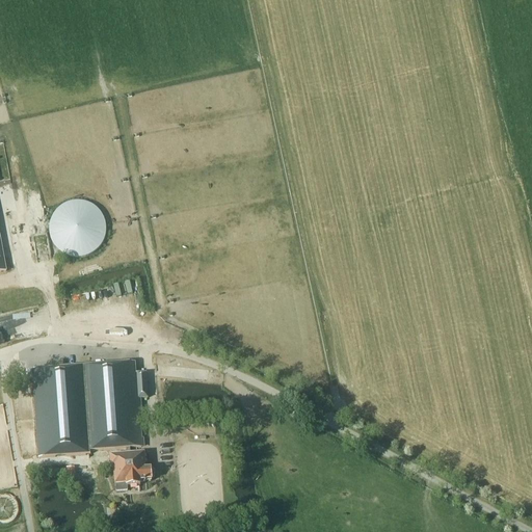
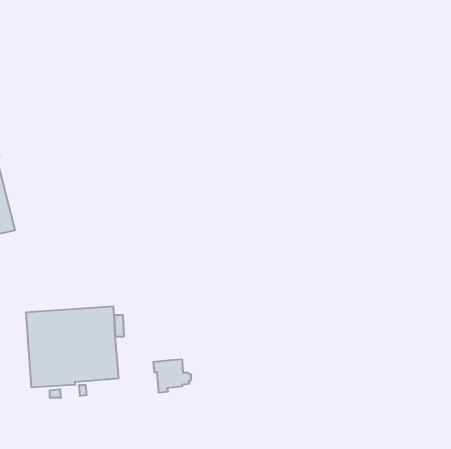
building: [48,197,104,254] -> none
building: [108,450,153,488] -> [153,360,191,392]

